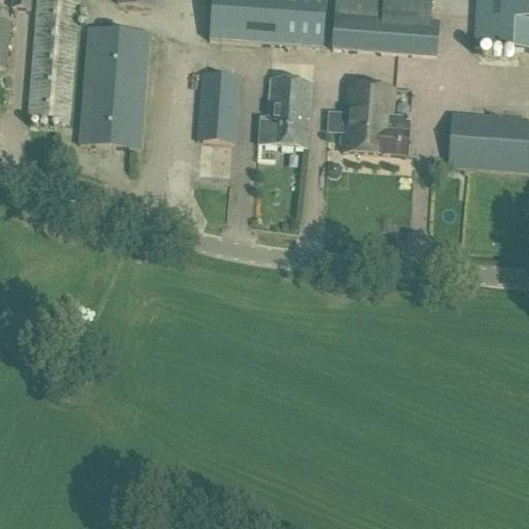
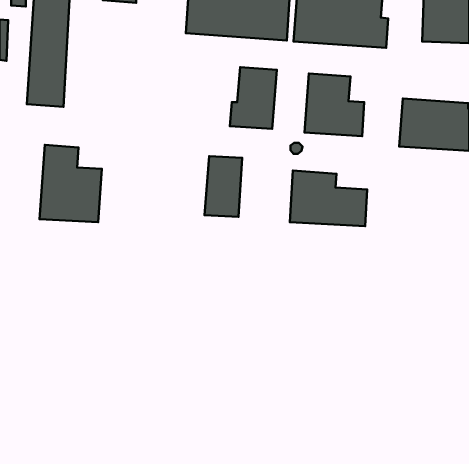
building: [81,28,151,149] -> none
building: [196,71,239,139] -> [204,156,242,217]
building: none -> [40,145,102,222]
building: none -> [290,171,367,226]

